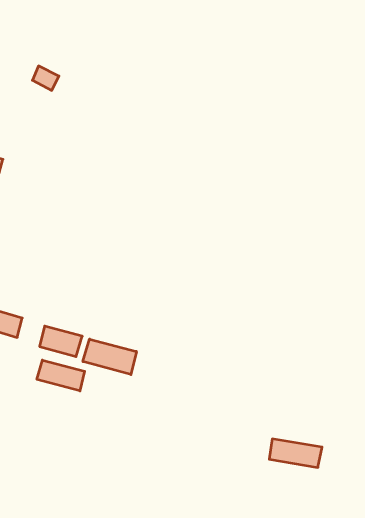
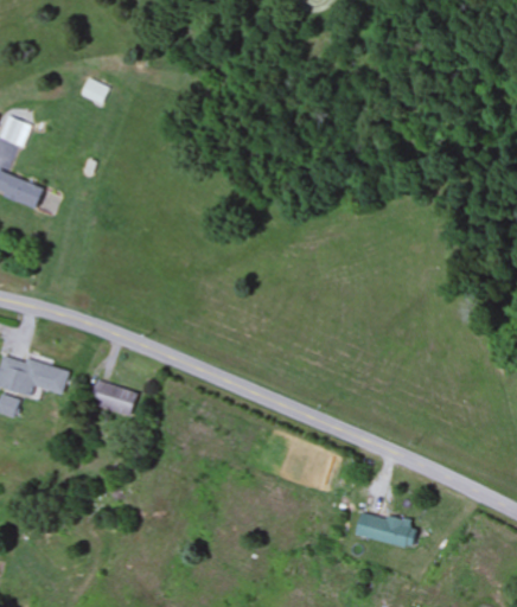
building: [83,339,136,375] -> none
building: [37,360,85,391] -> none

